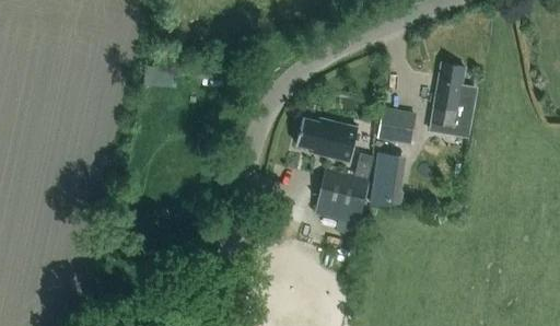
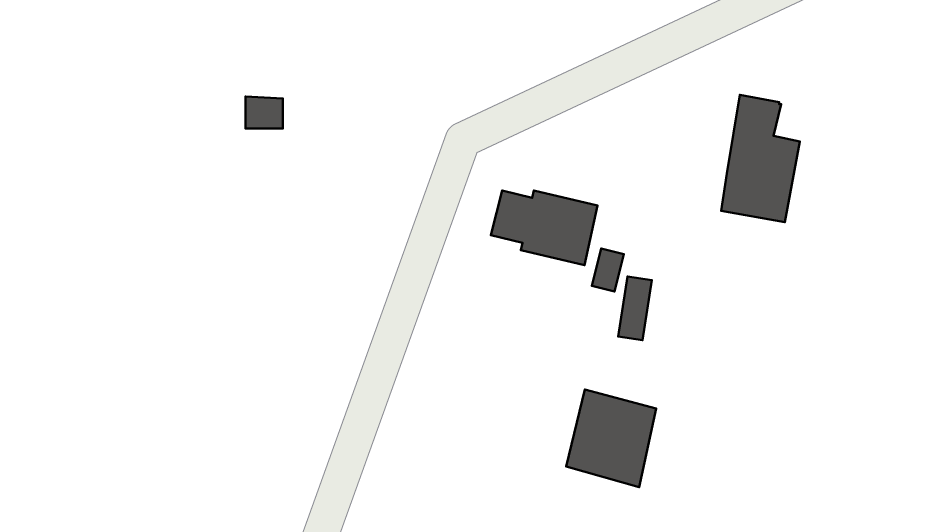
building: [377,107,416,144] -> none
building: [315,170,368,226] -> [566,390,656,487]

